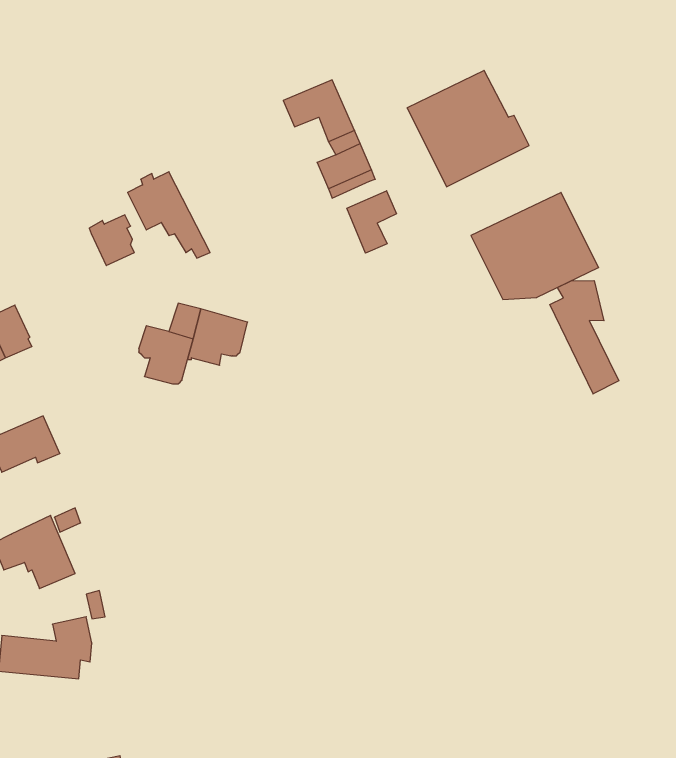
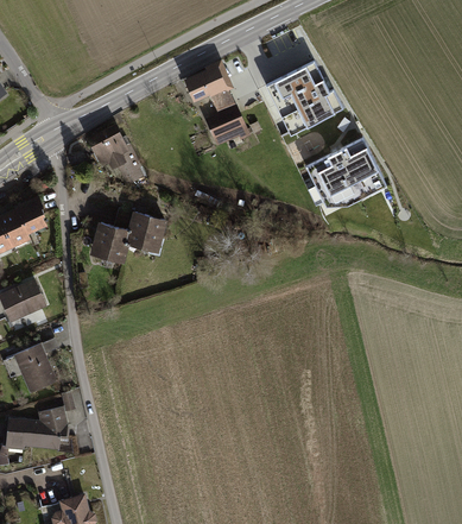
building: [347,191,397,253] -> none
building: [89,215,134,266] -> [15,198,44,231]
building: [550,281,619,394] -> none

